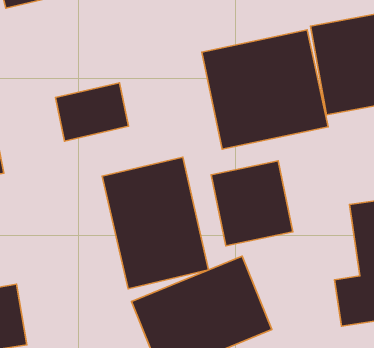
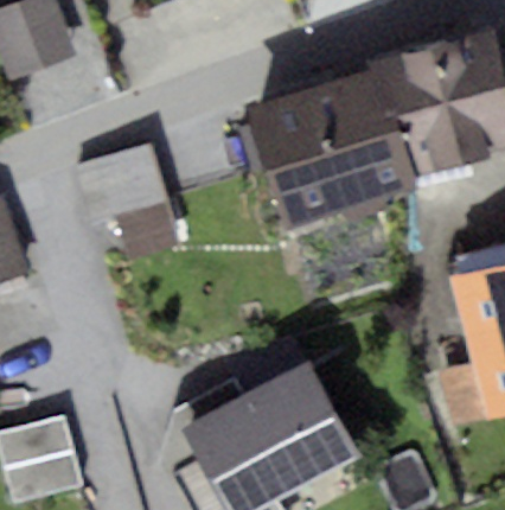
building: [102,157,209,289] -> none
building: [211,161,293,246] -> none

